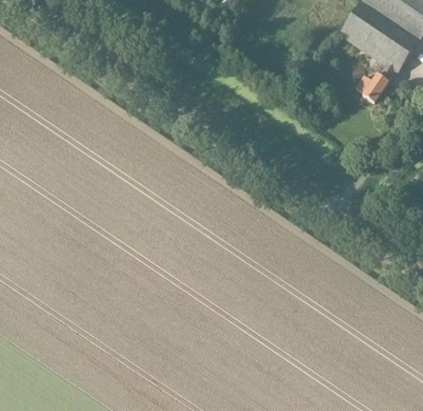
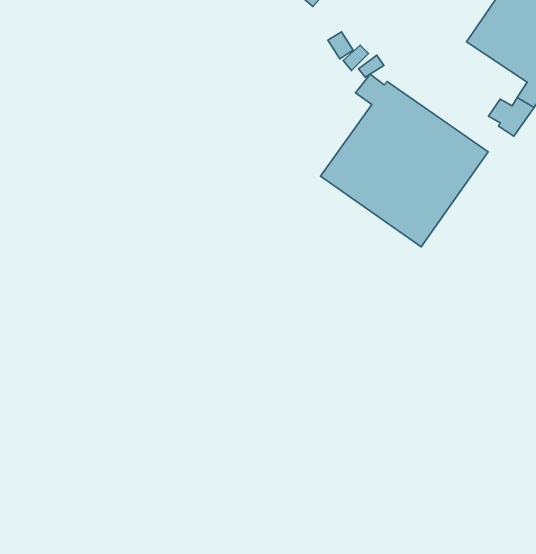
building: none -> [320,74,488,247]

